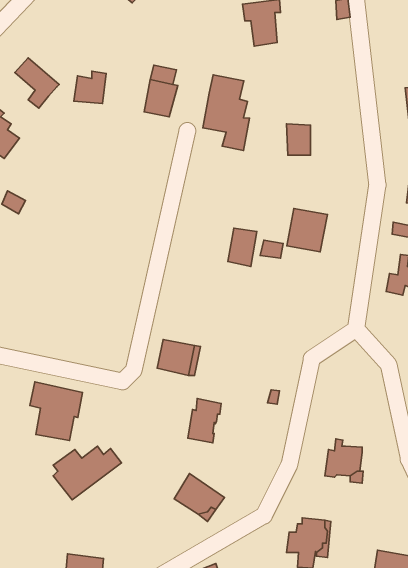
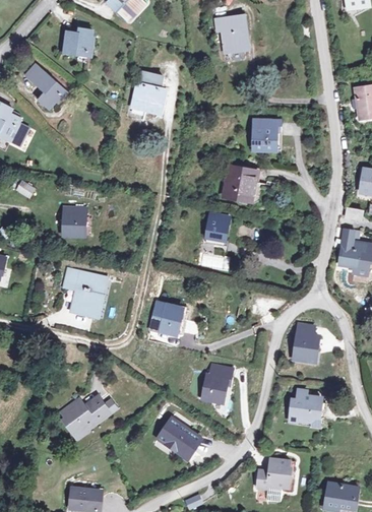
building: [74,71,106,104] -> [68,25,96,53]
building: [203,75,250,150] -> none
building: [287,209,327,252] -> [220,165,254,201]
building: none -> [64,206,89,237]
building: none -> [294,323,320,362]
building: [30,382,83,440] -> [61,267,106,317]
building: [188,399,221,443] -> [202,365,231,402]

